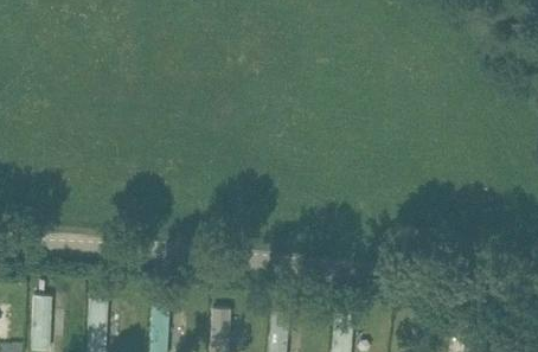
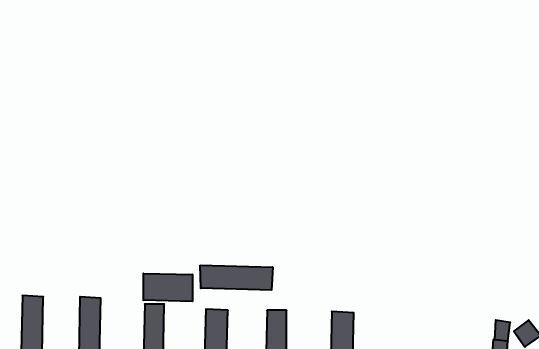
building: none -> [200,265,273,290]
building: none -> [143,273,192,301]

